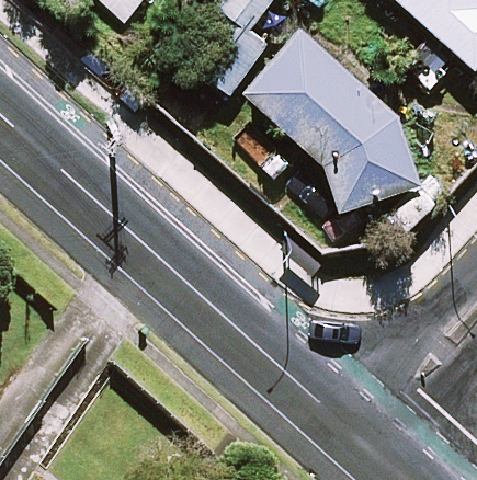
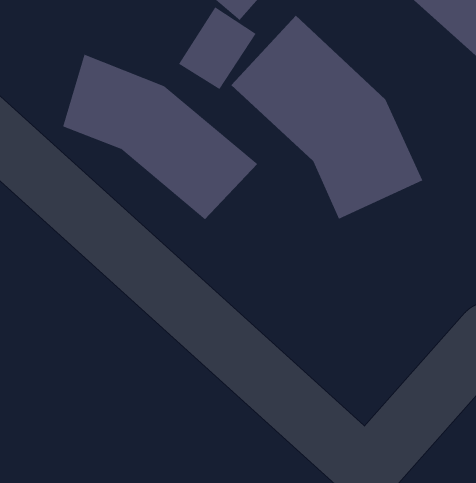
building: none -> [63,54,258,220]

